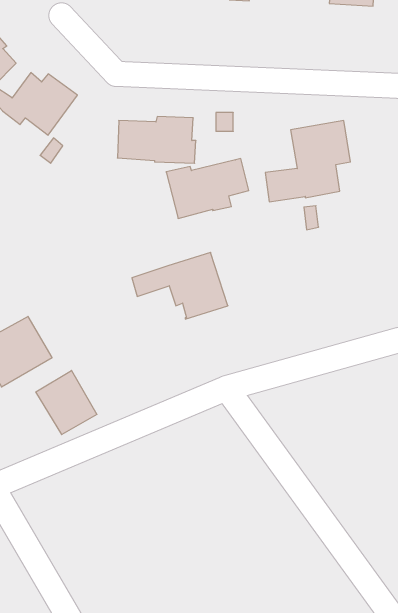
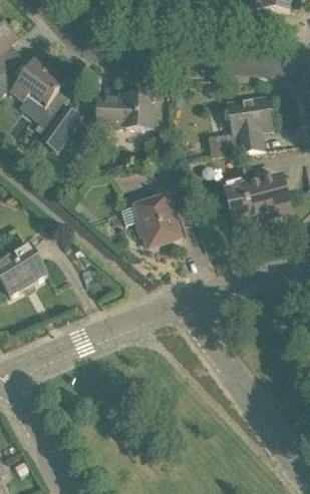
building: none -> [40,104,83,152]
building: [166,159,249,218] -> [225,176,287,221]
building: [36,370,97,435] -> none

